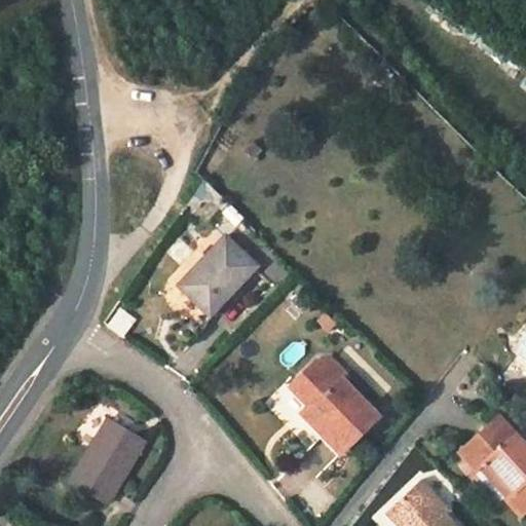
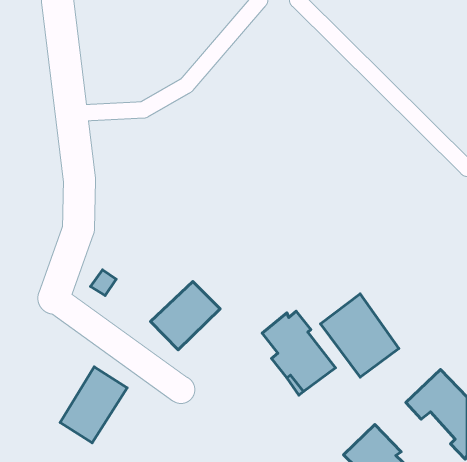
building: [179,236,257,313] -> [151,281,220,350]
building: none -> [320,294,399,377]

